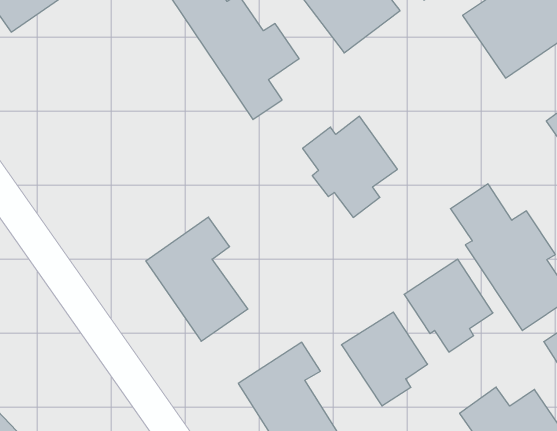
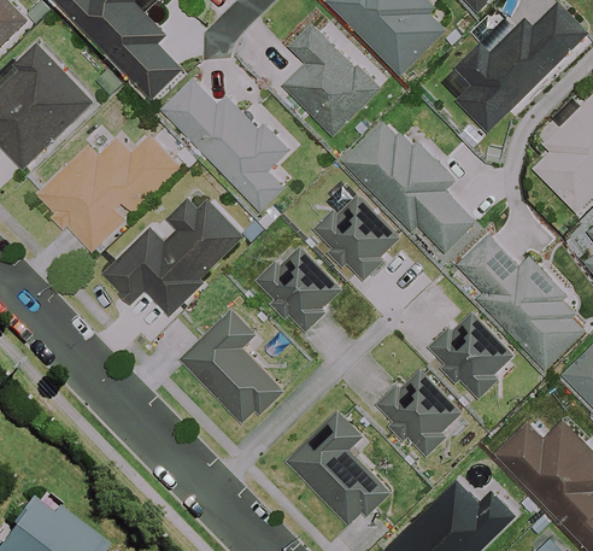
building: none -> [37,134,182,251]
building: none -> [345,122,475,252]
building: none -> [105,188,245,320]
building: none -> [257,244,341,340]

